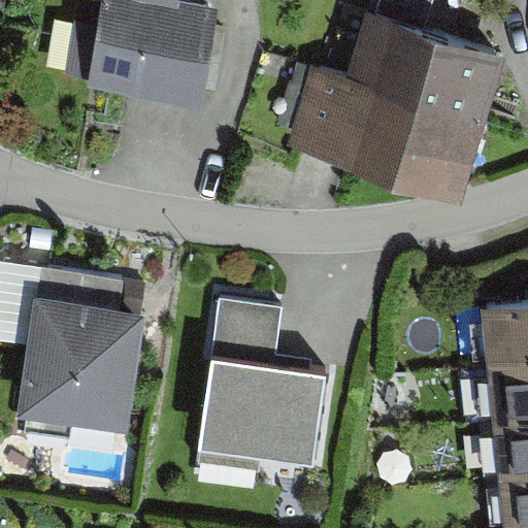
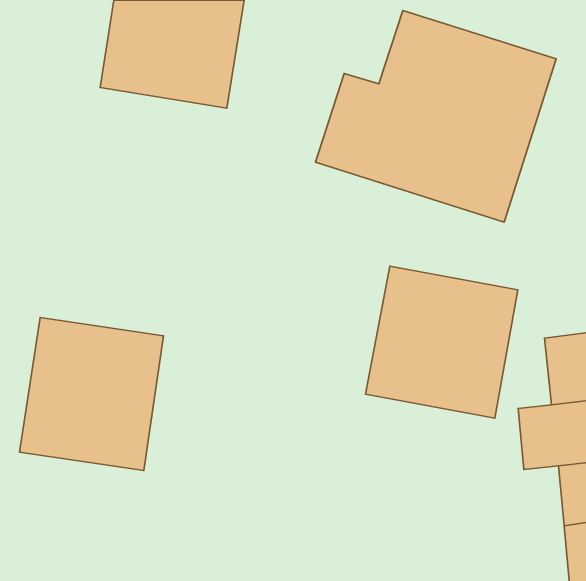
building: none -> [365,266,518,418]
building: [189,300,320,469] -> none

